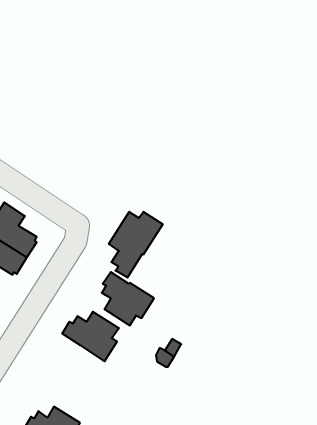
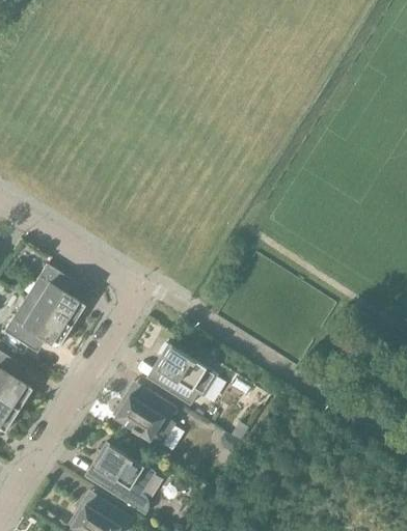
building: [109,212,163,278] -> none
building: none -> [88,444,156,515]

